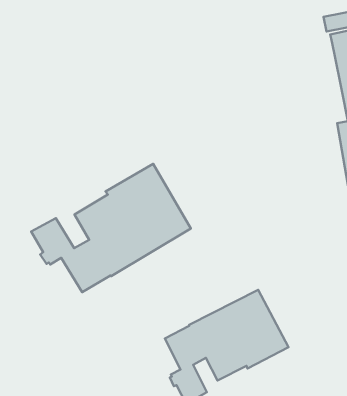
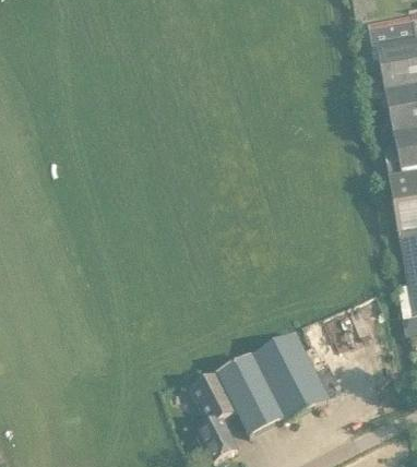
building: [31,164,191,292] -> none

